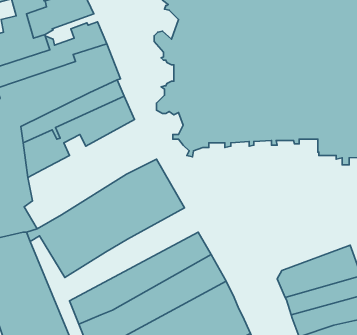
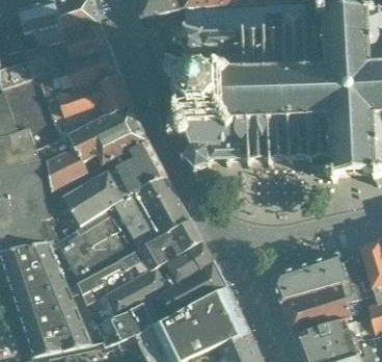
building: none -> [61,139,164,225]
building: none -> [79,218,201,302]

